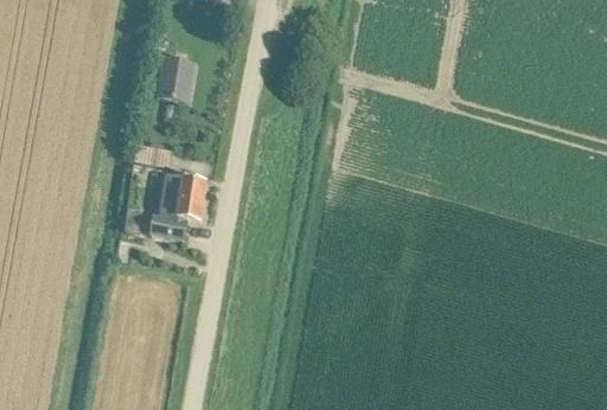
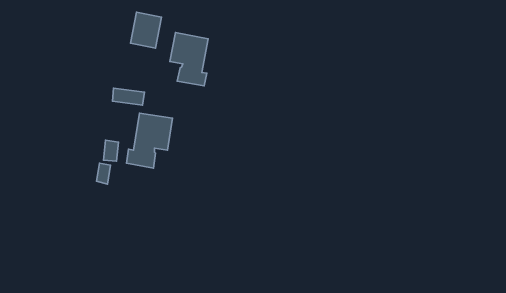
building: none -> [170,32,208,86]

